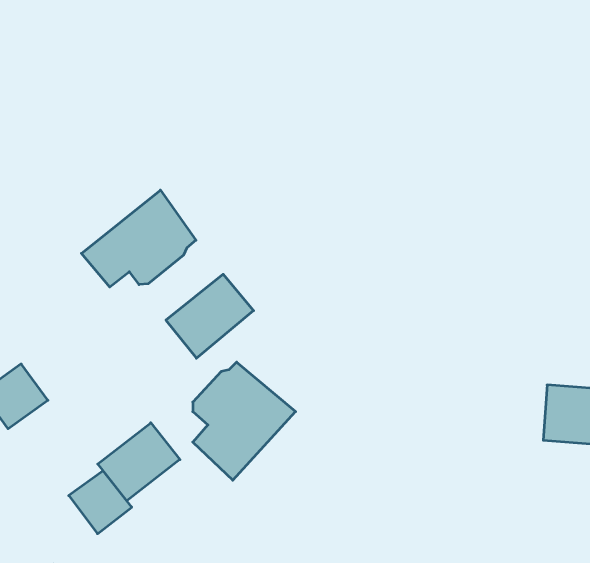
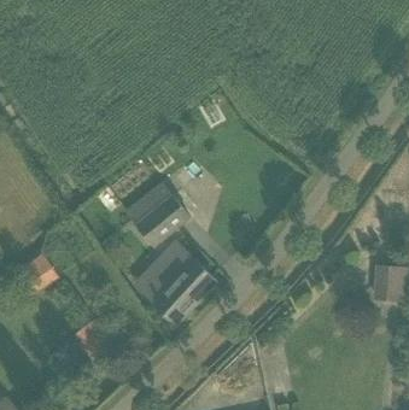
building: [81,190,196,287] -> none
building: [98,423,180,501] -> none

